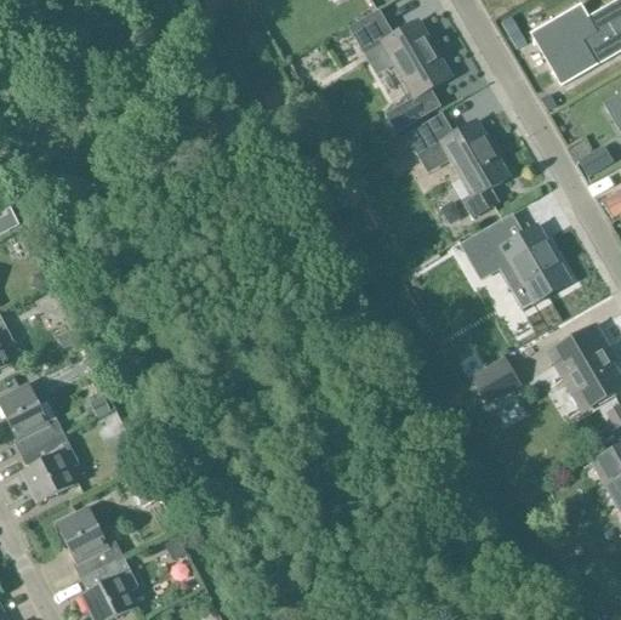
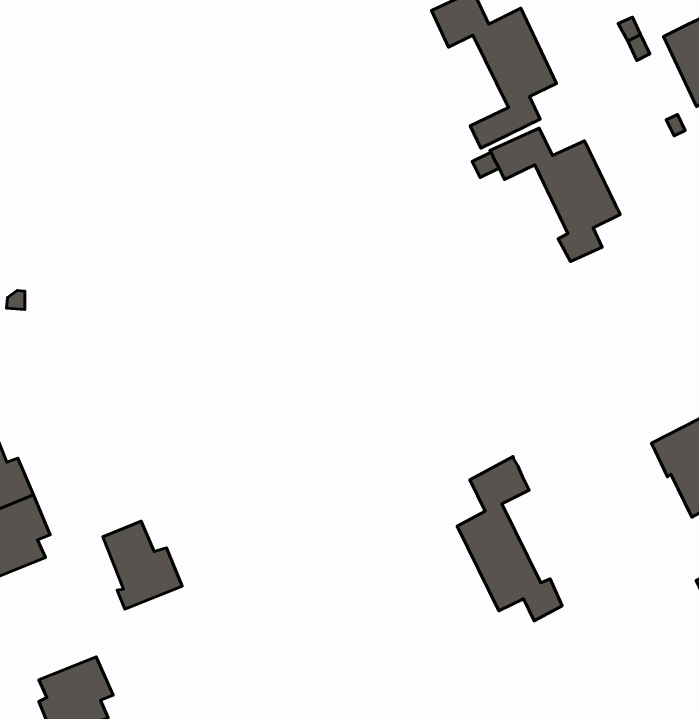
building: [457,218,570,311] -> none
building: [472,359,520,405] -> none
building: none -> [457,457,562,621]
building: [58,508,124,579] -> [103,521,182,609]

